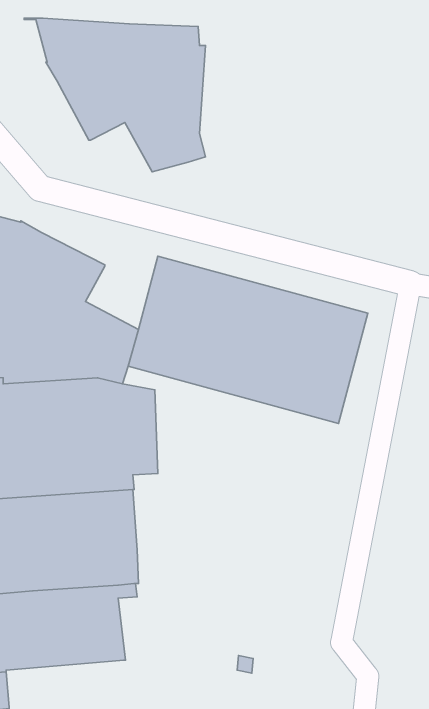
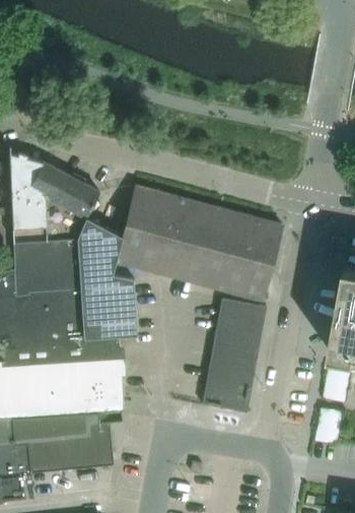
building: [24,18,205,172] -> none
building: none -> [202,298,266,411]

